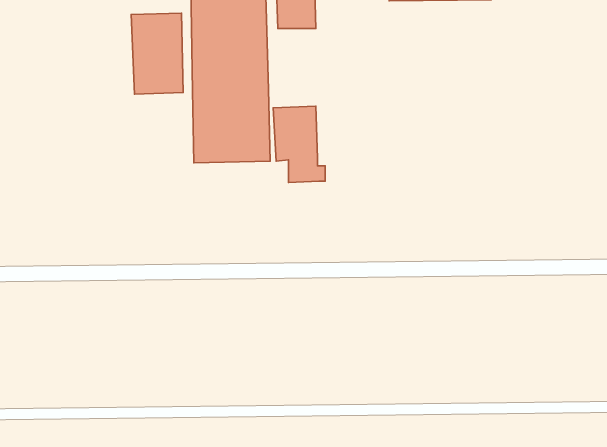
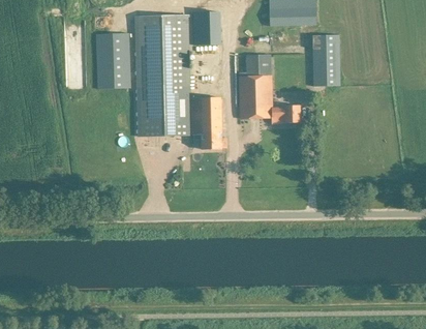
building: none -> [312,33,340,86]
building: none -> [239,54,301,123]

